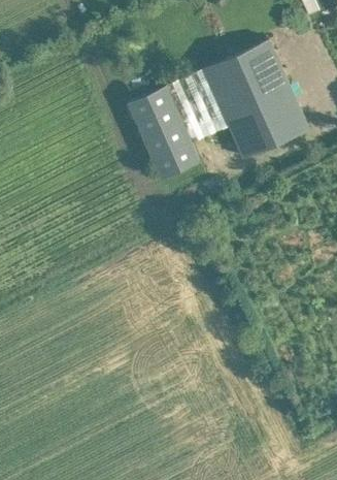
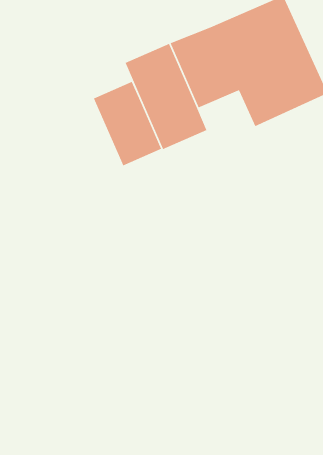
building: none -> [93,81,162,166]

